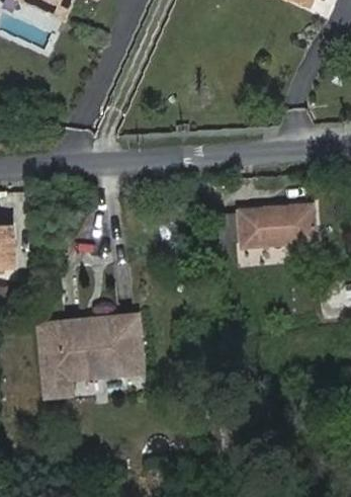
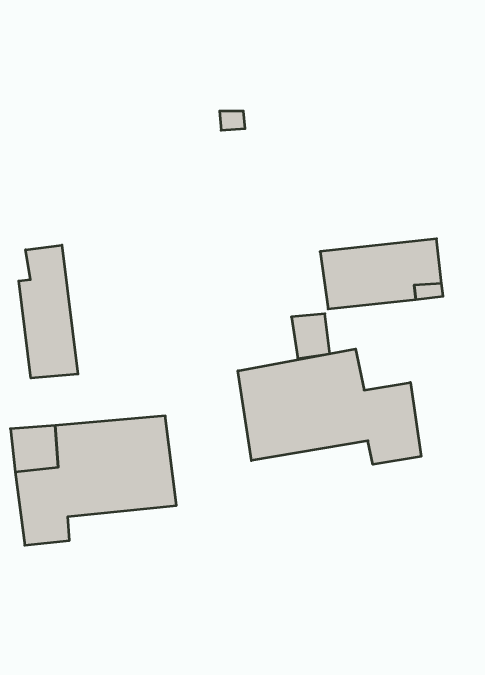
building: none -> [19,245,78,378]
building: none -> [238,349,421,464]

